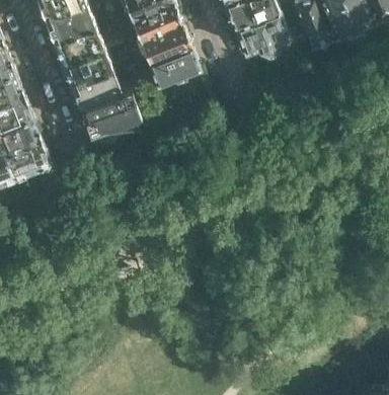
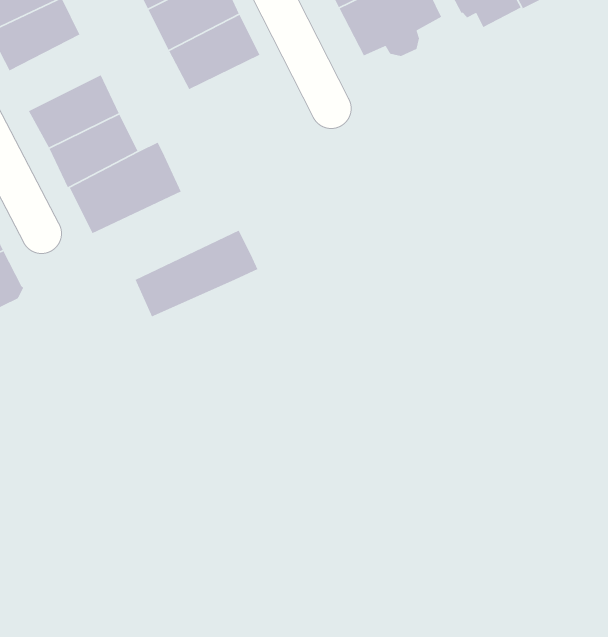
building: [54,27,103,66] -> none
building: [150,47,200,89] -> none
building: none -> [135,230,259,317]

